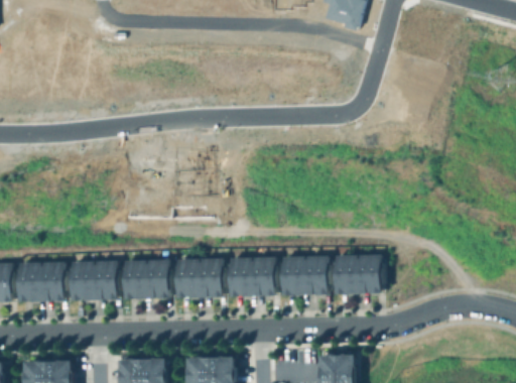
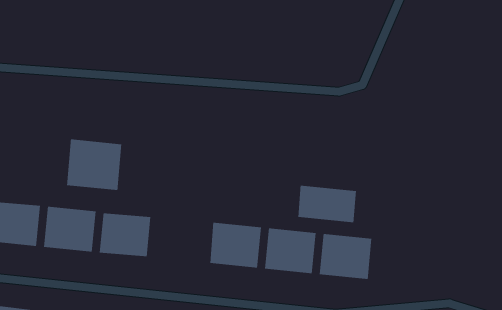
building: none -> [67,139,122,191]
building: none -> [298,185,356,223]
building: [174,257,223,297] -> none

